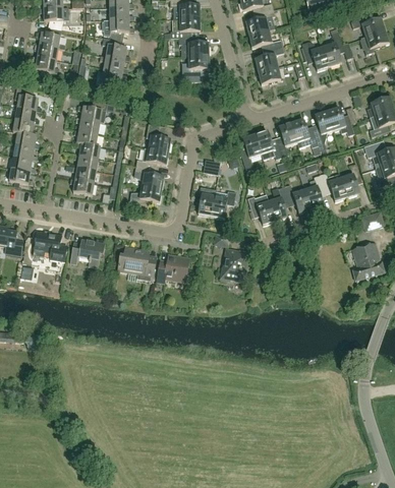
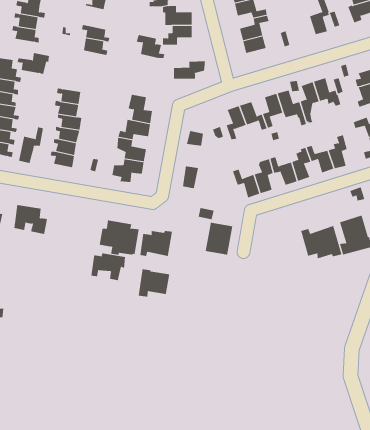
building: [102,37,130,60] -> [136,34,165,58]
building: [302,42,329,69] -> none
building: none -> [174,61,205,79]
building: [77,101,110,122] -> [17,53,50,74]
building: none -> [19,127,44,164]
building: [211,191,236,218] -> none
building: [70,239,105,266] -> [90,253,126,281]
building: none -> [300,225,342,259]
building: none -> [138,268,170,297]

